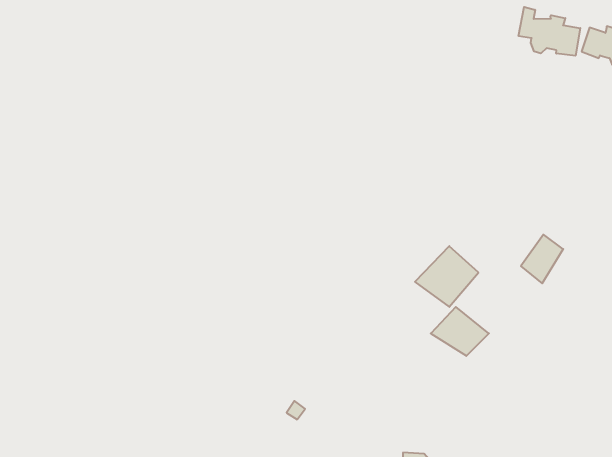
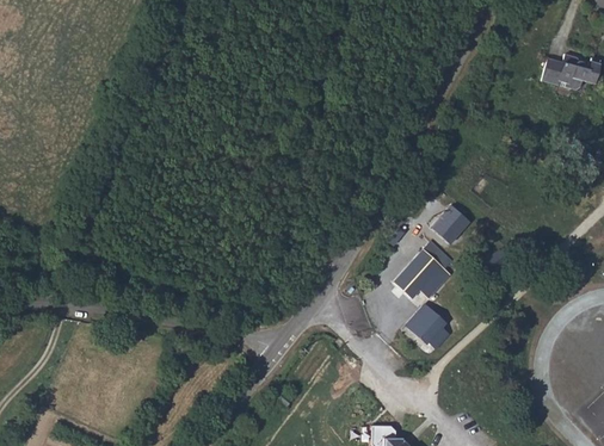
building: [519,7,580,56] -> none
building: [521,235,563,283] -> [434,205,473,249]

